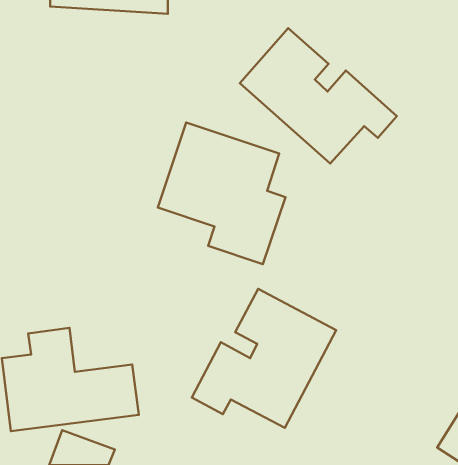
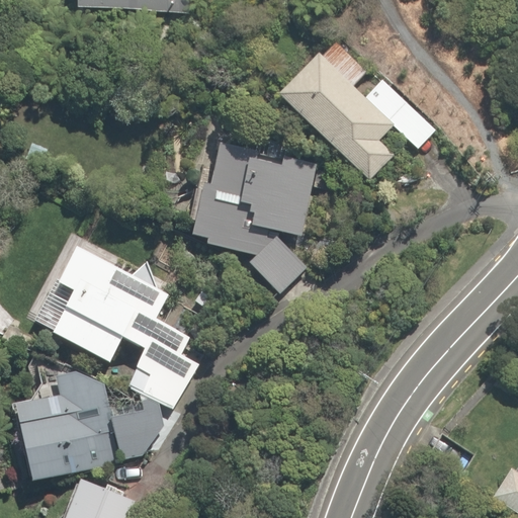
building: none -> [51,244,201,408]
building: [192,289,336,428] -> none

